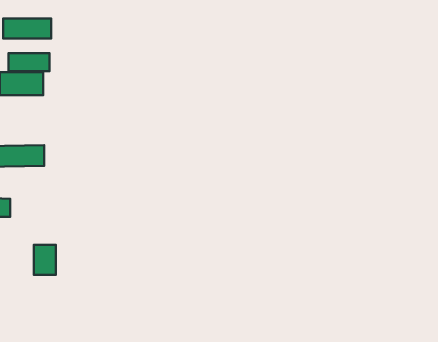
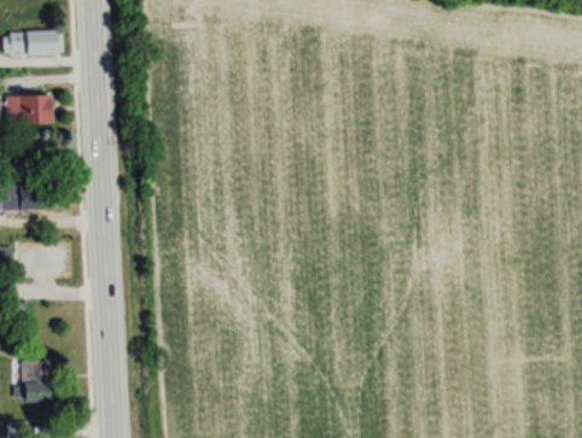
building: [9,53,49,71] -> none
building: [34,245,56,275] -> [23,360,50,396]

